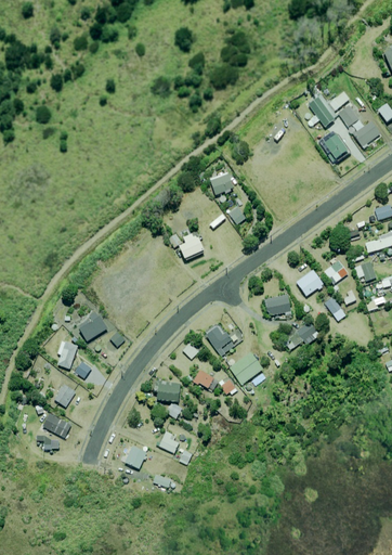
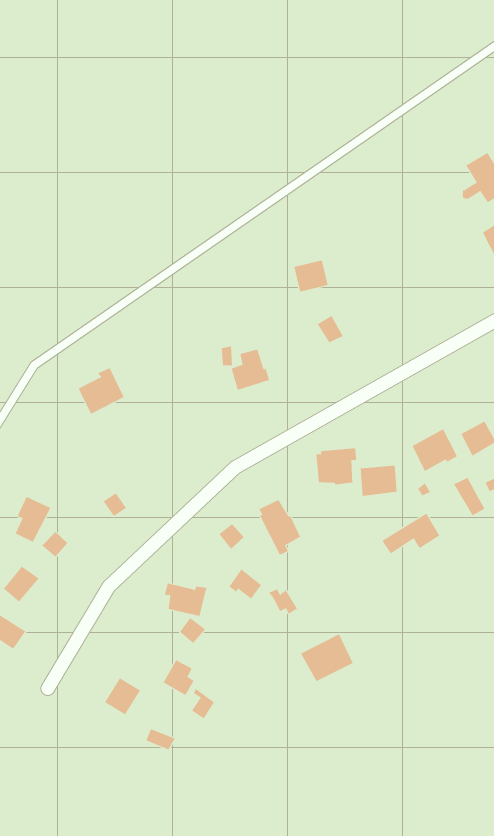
building: none -> [316,448,357,485]
building: [77,310,106,340] -> [78,368,124,414]
building: [230,351,263,383] -> [300,633,354,682]

